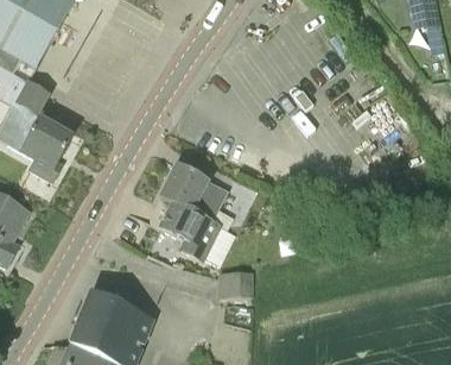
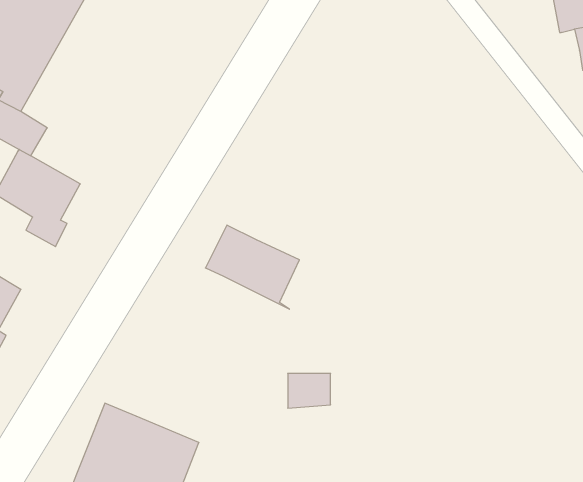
building: [160,201,221,258] -> none

